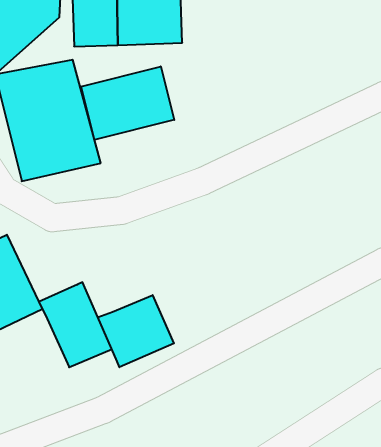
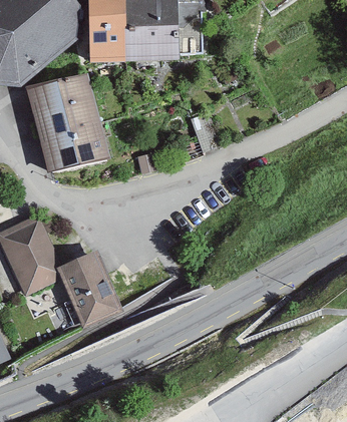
building: [81,66,174,140] -> none
building: [98,295,174,367] -> none

